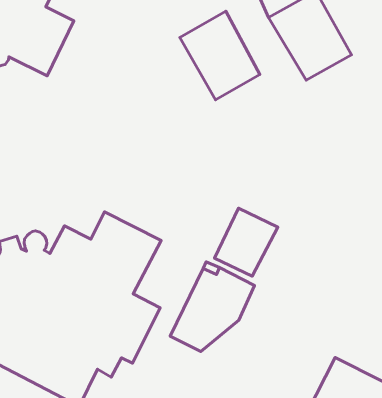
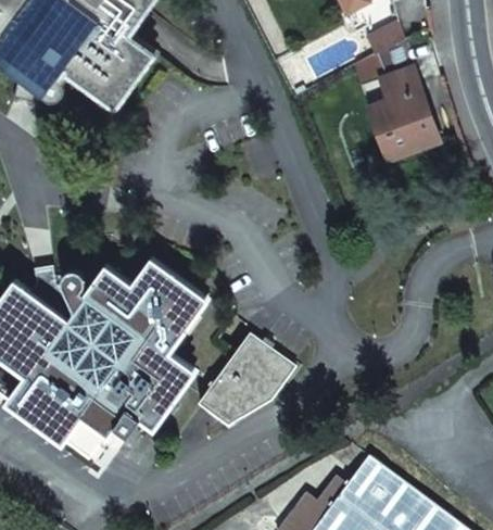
building: [180,11,260,100] -> none
building: [215,208,278,276] -> none

